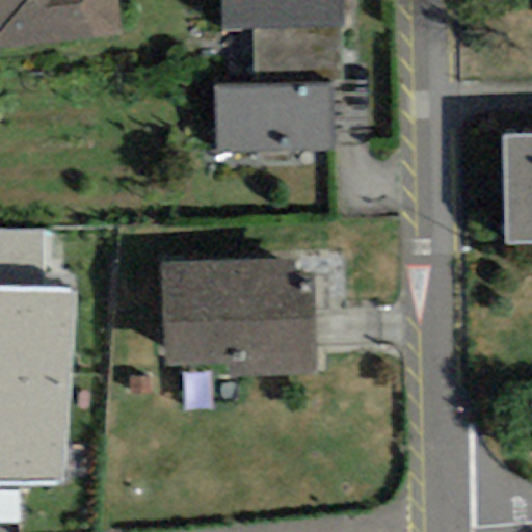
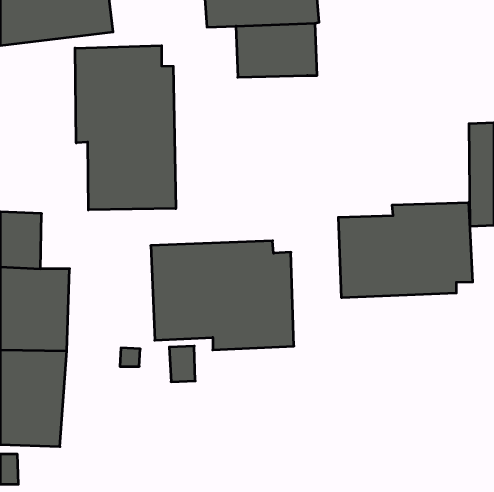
building: none -> [75,46,176,210]
building: [213,81,332,151] -> none
building: none -> [338,202,473,298]

